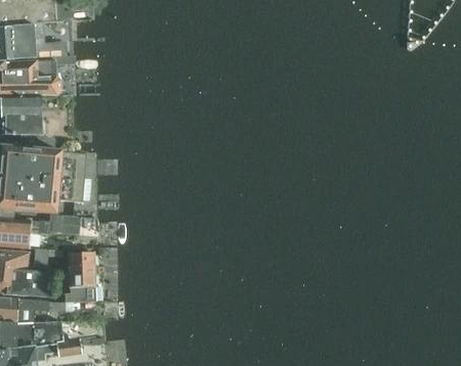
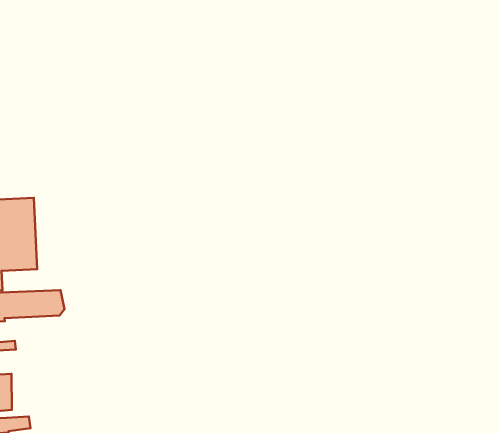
building: [67,253,93,303] -> none

